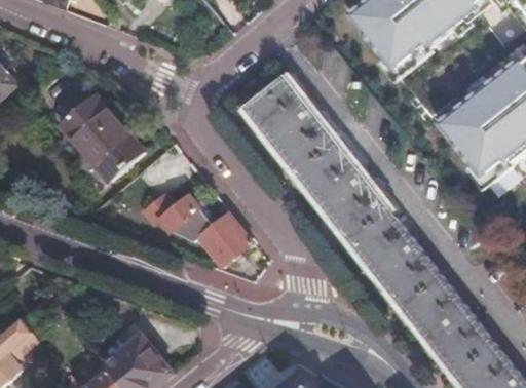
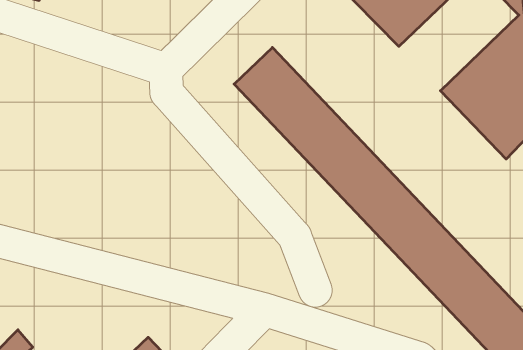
building: [58,90,140,177] -> none
building: [138,189,249,265] -> none

